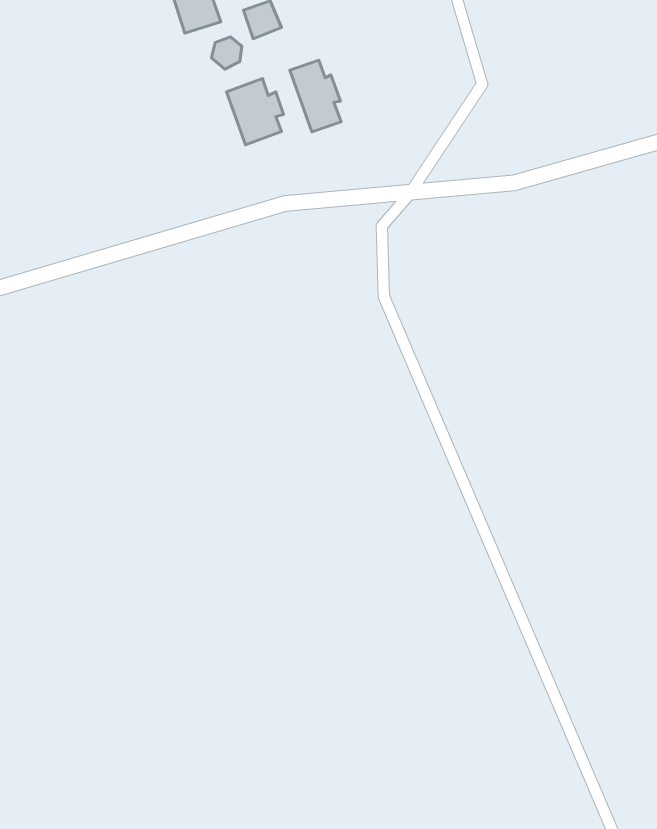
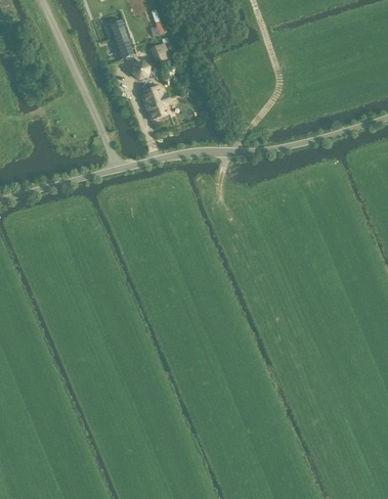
building: [290,60,341,132] -> none

